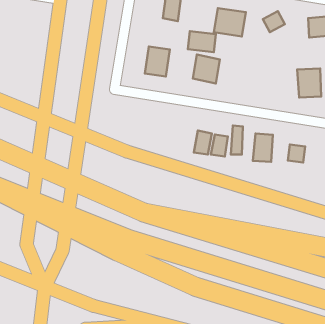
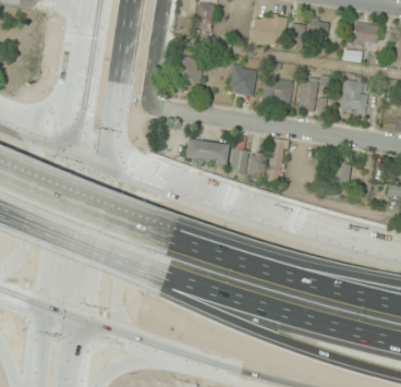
building: [188,31,216,52] -> [262,80,292,102]
building: none -> [300,81,324,110]
building: none -> [185,140,228,161]
building: [253,134,273,162] -> none

